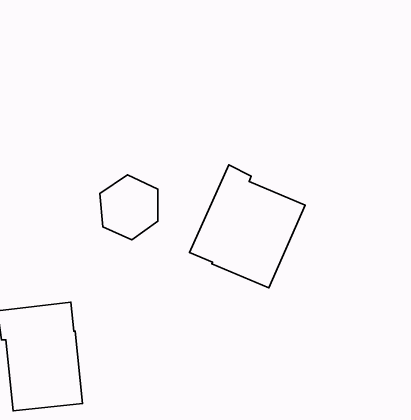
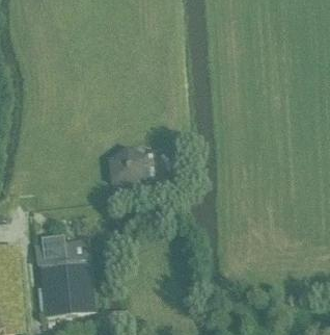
building: [190,165,305,288] -> none

